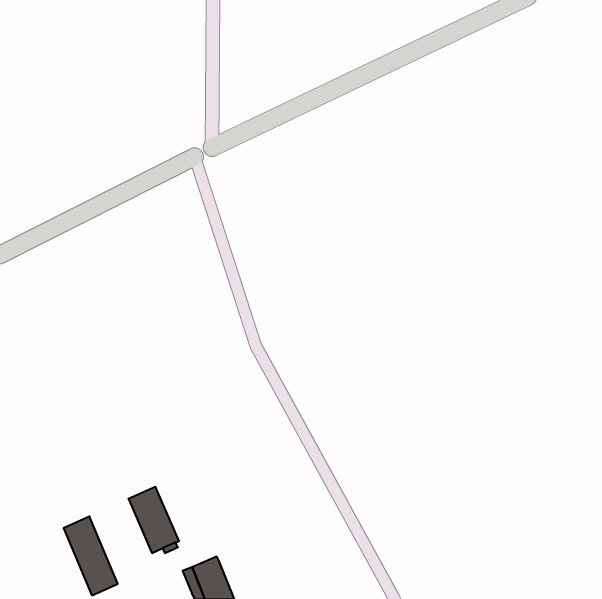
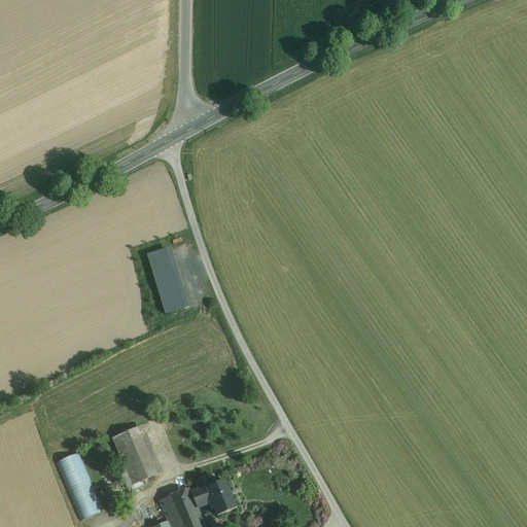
building: none -> [147,246,185,312]
building: none -> [191,478,238,514]

